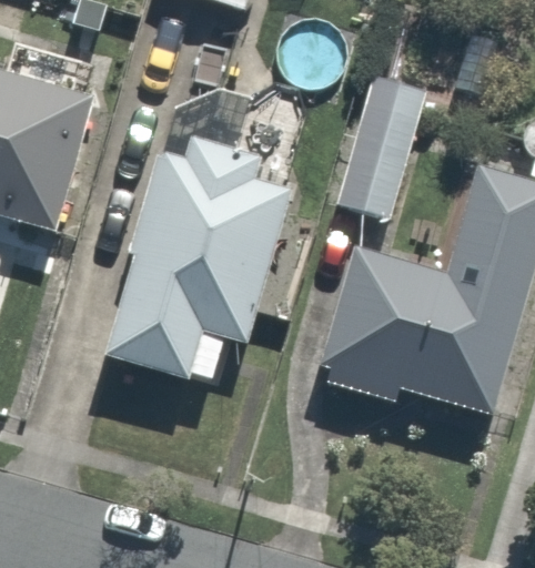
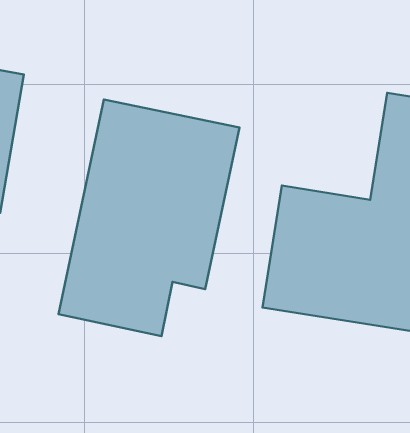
building: [335,67,433,224] -> none

